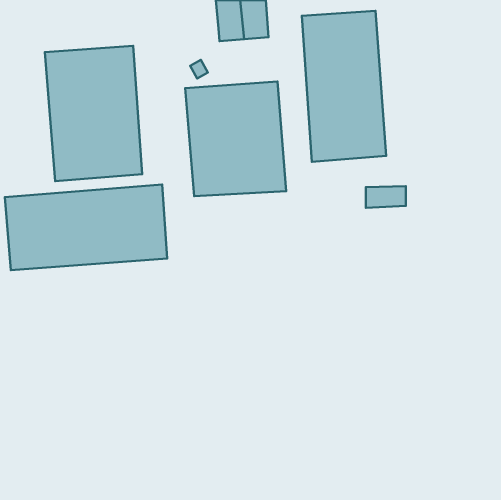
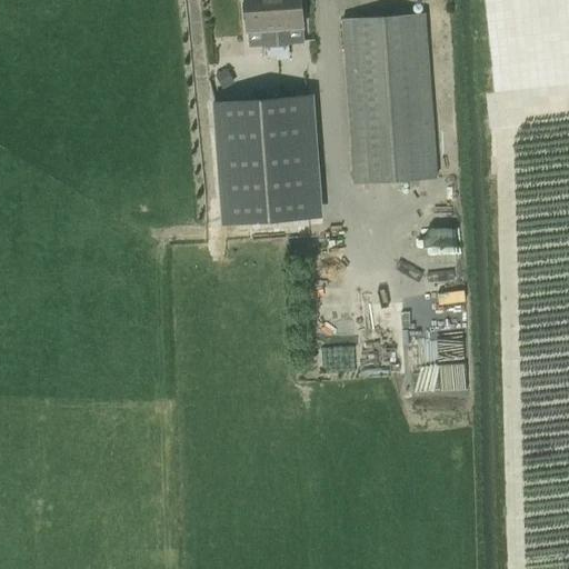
building: [45,46,142,181] -> none
building: [5,184,167,270] -> none

